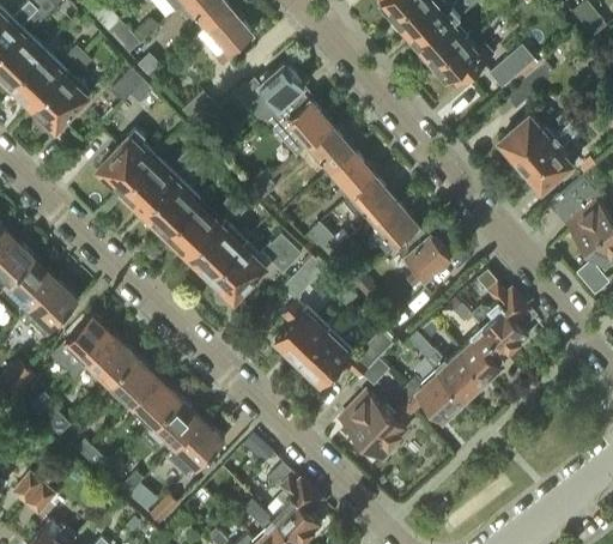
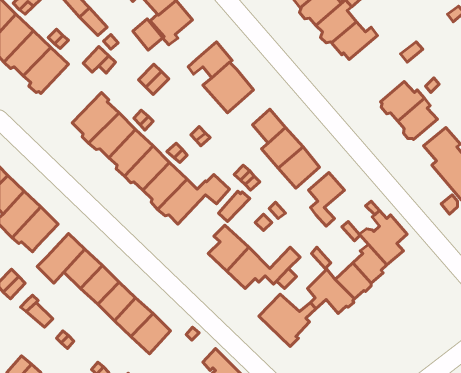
building: none -> [133,19,163,50]
building: [488,46,534,87] -> none
building: [309,126,353,171] -> none

